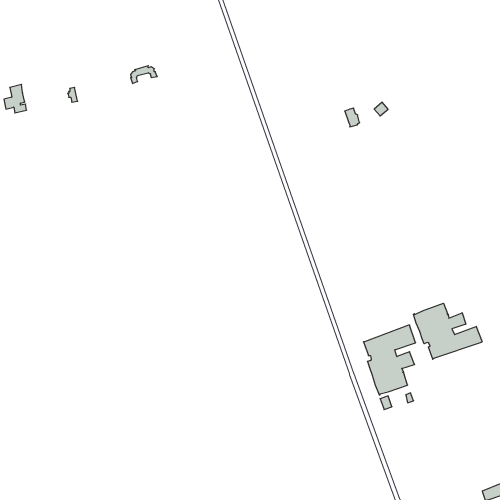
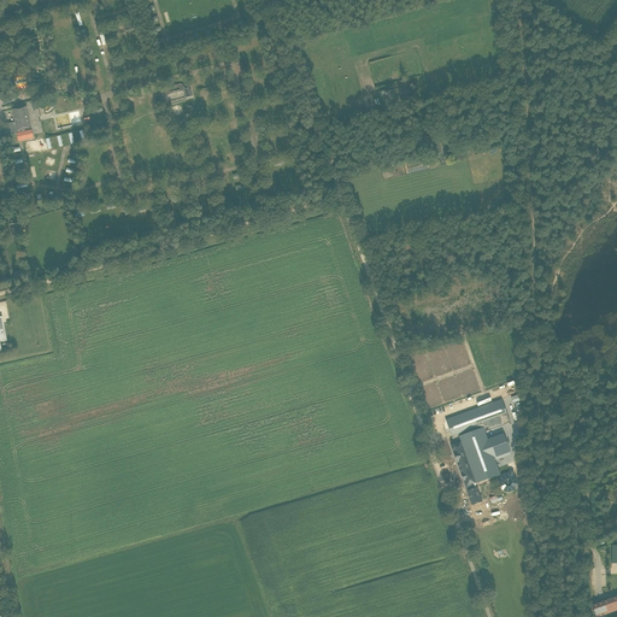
building: [413,303,482,359] -> none

